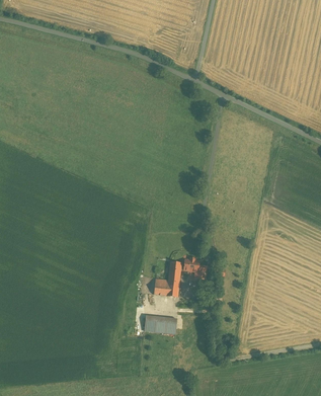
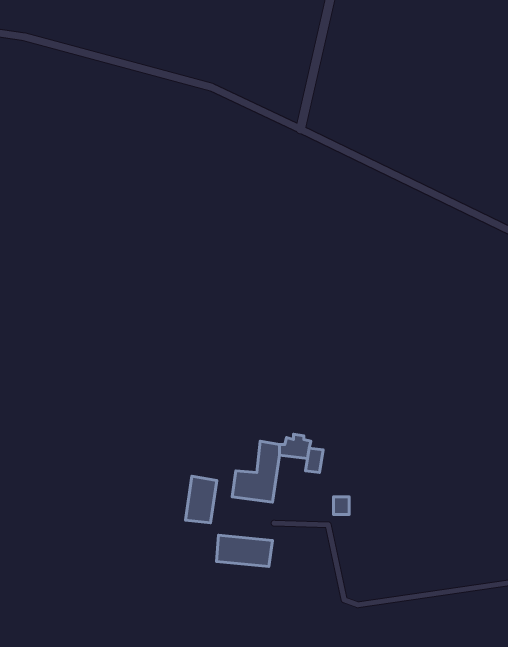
building: none -> [185,476,217,523]

